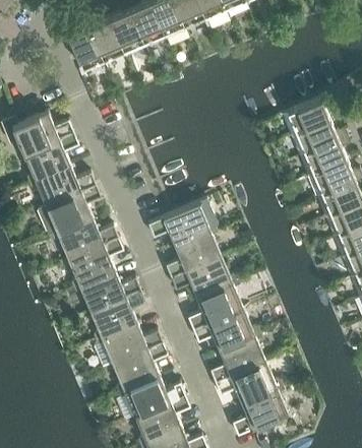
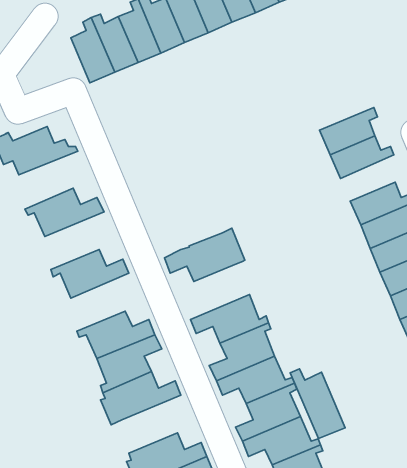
building: [23,132,79,182] -> none
building: [300,135,349,175] -> none
building: [38,184,102,235] -> none
building: [166,227,222,276] -> none
building: [68,237,124,286] -> none
building: none -> [290,369,345,439]
building: [112,341,168,391] -> none

